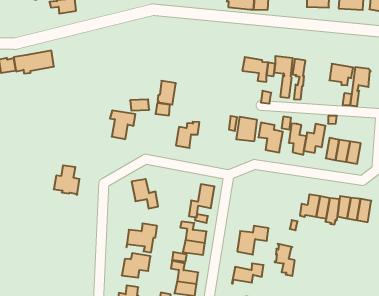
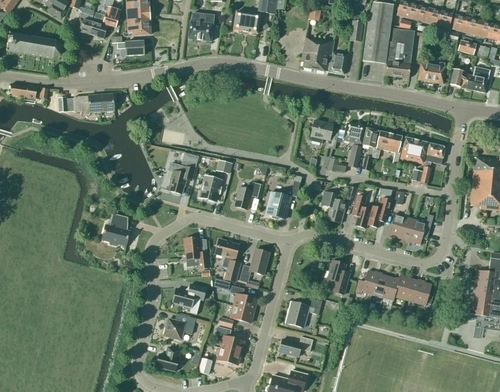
building: none -> [372,130,401,163]
building: [158,81,176,105] -> [199,175,220,201]
building: [236,117,257,141] -> [265,191,289,218]
building: none -> [215,239,239,281]
building: [275,244,295,276] -> [326,259,347,294]

